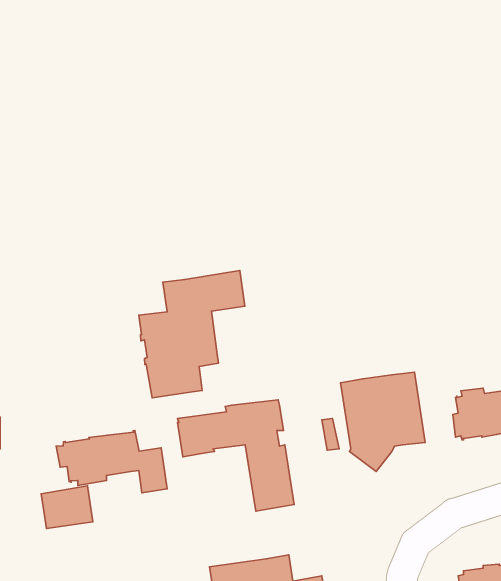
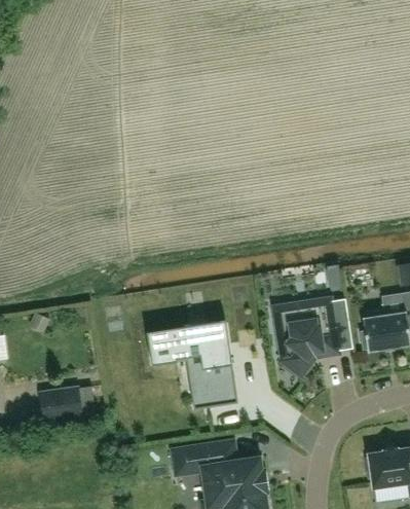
building: [139,270,245,398] -> none
building: [56,431,167,493] -> none

